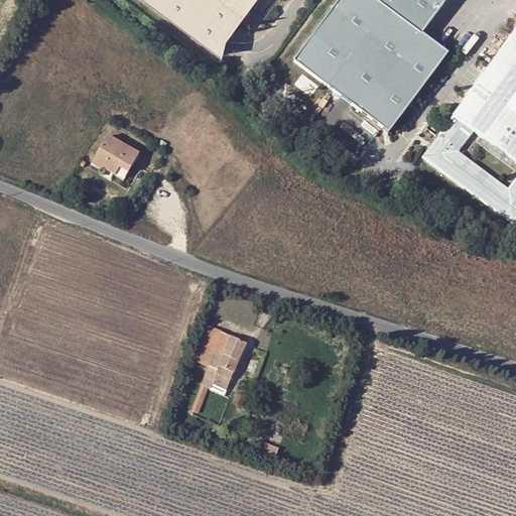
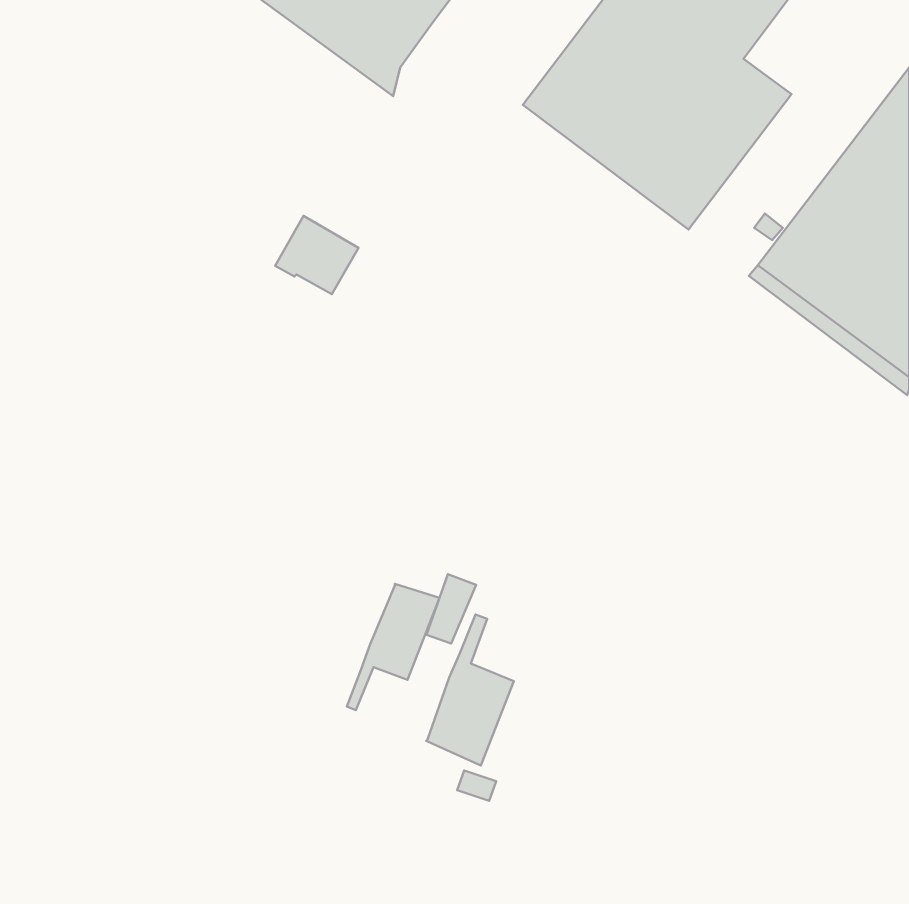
building: [88,134,135,178] -> [275,216,359,294]
building: [196,326,224,365] -> [426,574,476,644]
building: none -> [426,614,514,765]

